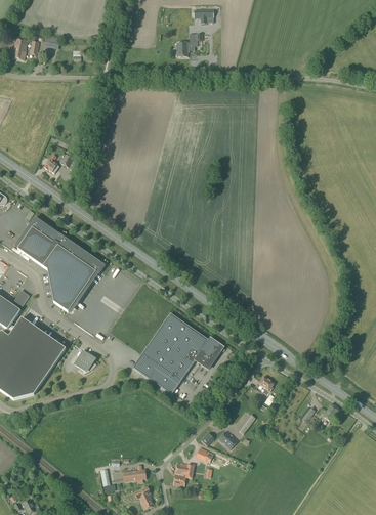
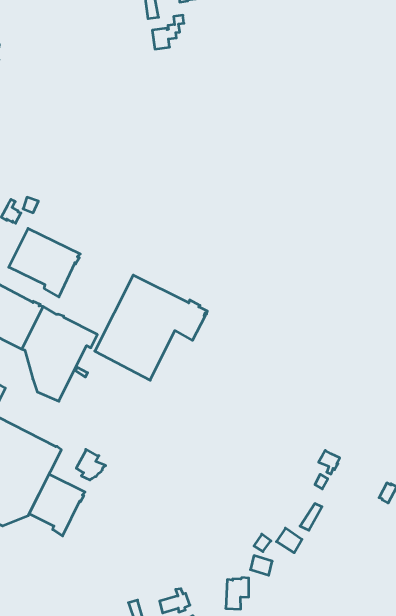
building: none -> [9,228,80,297]
building: [133,312,222,393] -> [95,275,207,380]
building: none -> [29,474,85,536]

